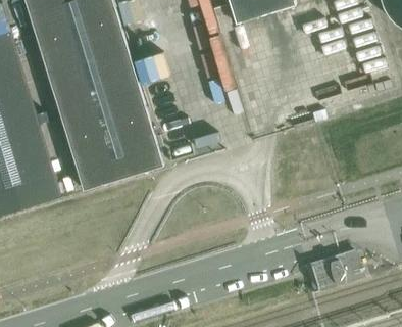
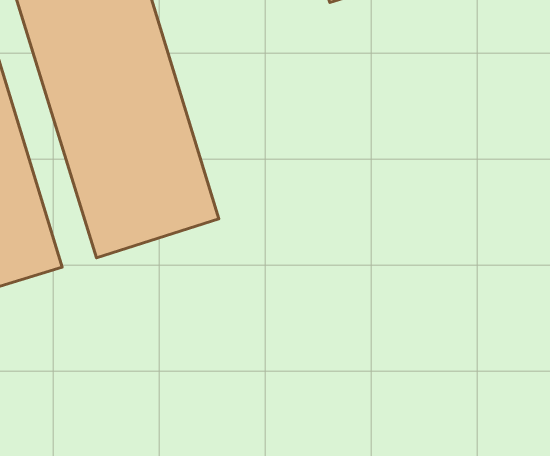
building: [311,254,364,293] -> none

